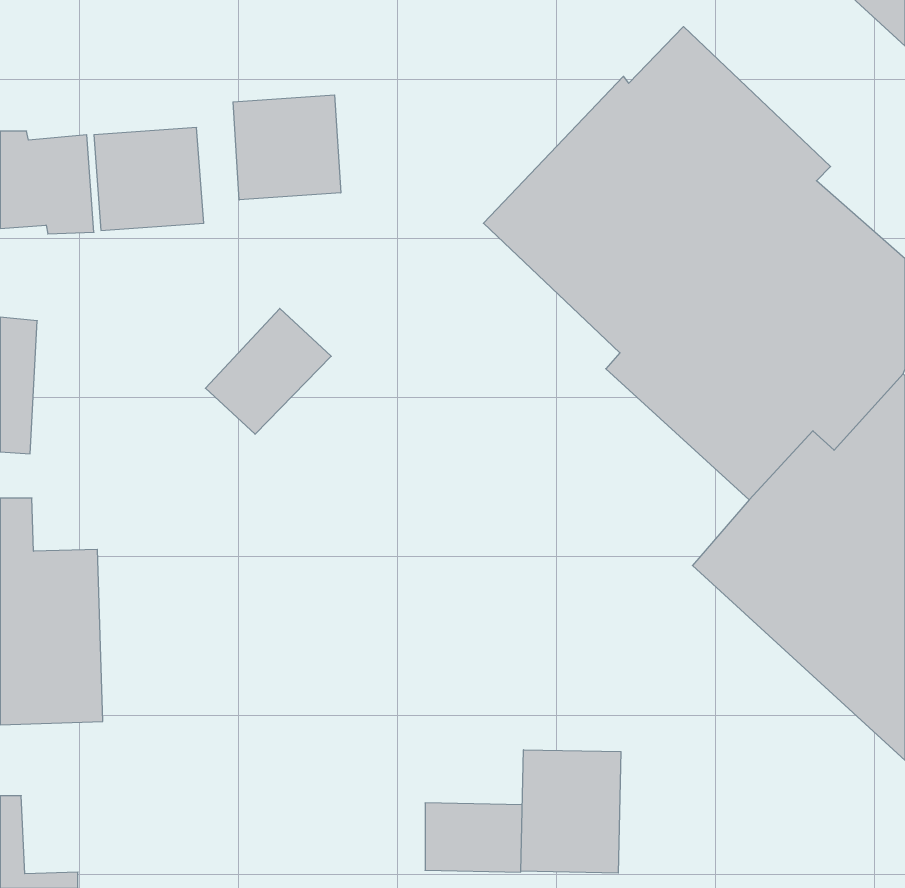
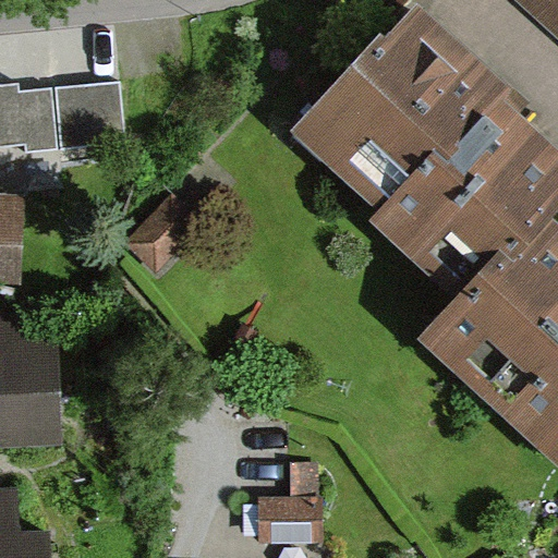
building: [233,95,341,200] -> none
building: [521,750,621,873] -> none

